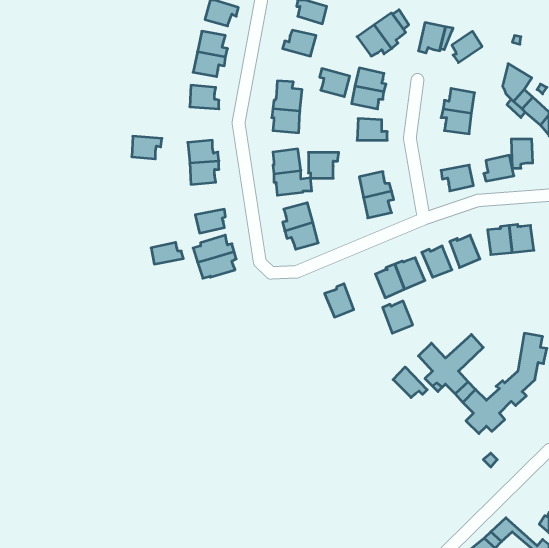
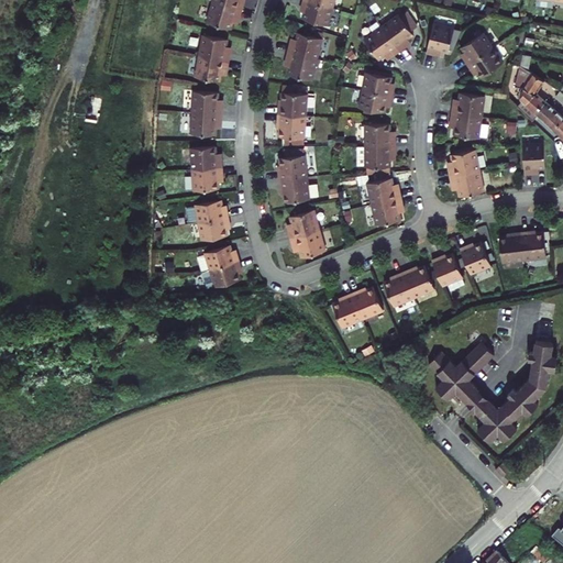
building: none -> [467,51,503,80]
building: [320,69,350,97] -> [286,53,317,81]
building: [132,136,162,159] -> [192,112,223,135]
building: [308,152,339,178] -> [364,146,395,173]
building: [484,155,514,181] -> [448,151,478,177]
building: [151,242,183,264] -> [196,200,229,222]
building: [383,301,413,333] -> [351,286,382,319]
building: [393,367,427,398] -> none

